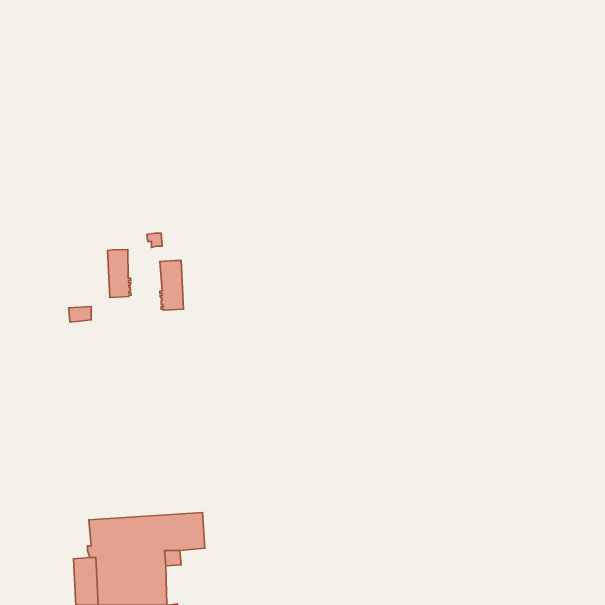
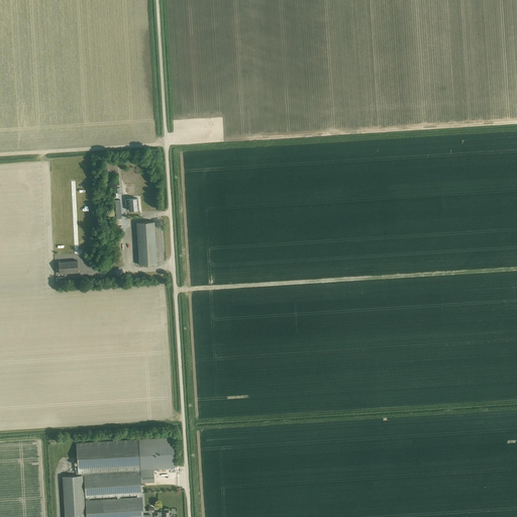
building: [107,250,131,297] -> none

